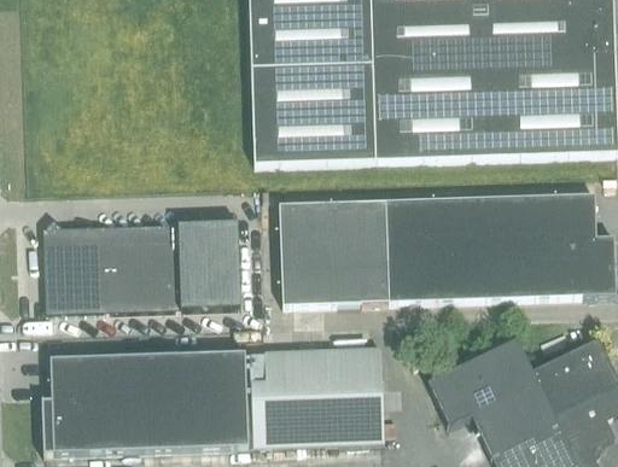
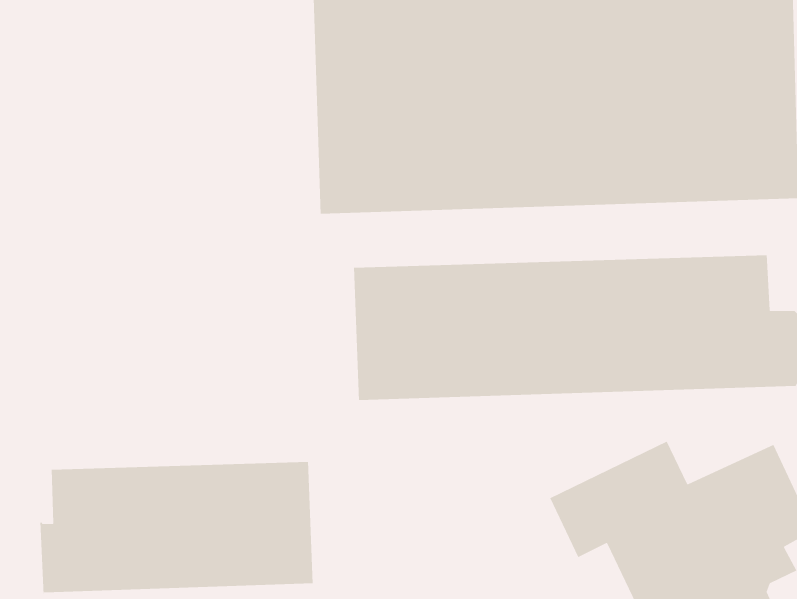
building: [45,217,243,314] -> none
building: [251,346,384,448] -> none

